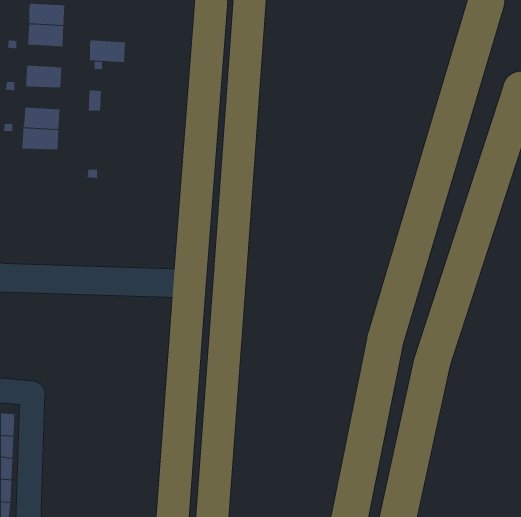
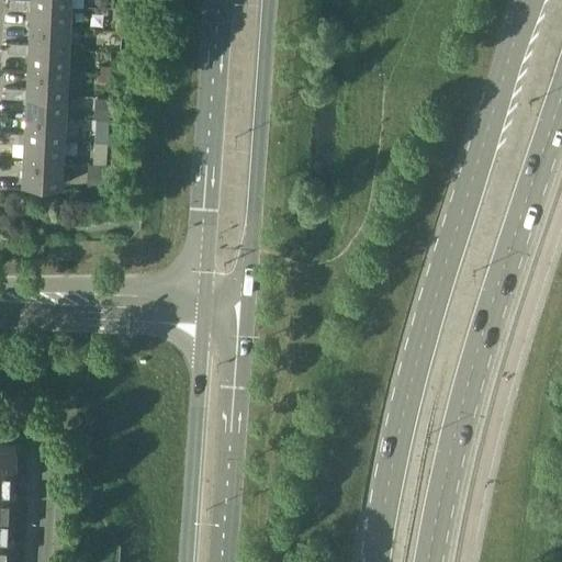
building: [89,40,126,62] -> [29,53,68,77]
building: none -> [26,98,66,122]
building: none -> [22,165,63,190]

